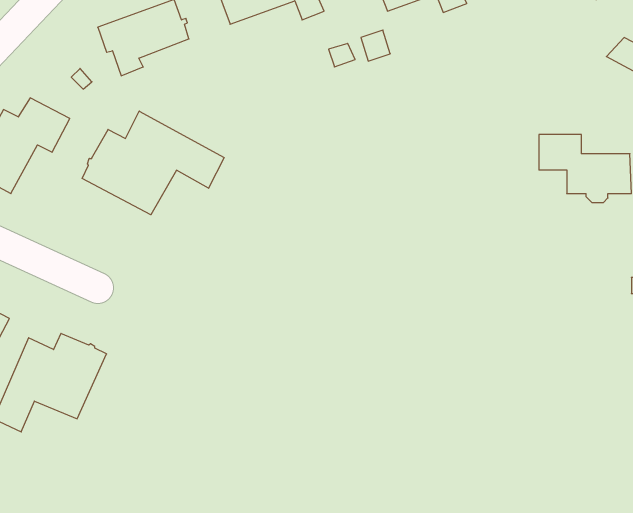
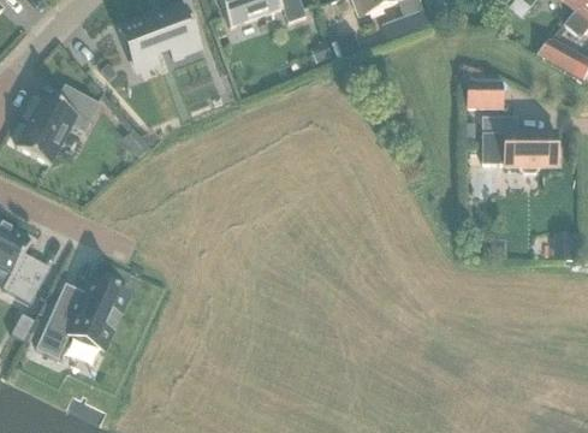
building: none -> [467,81,504,107]
building: [82,111,224,215] -> none

